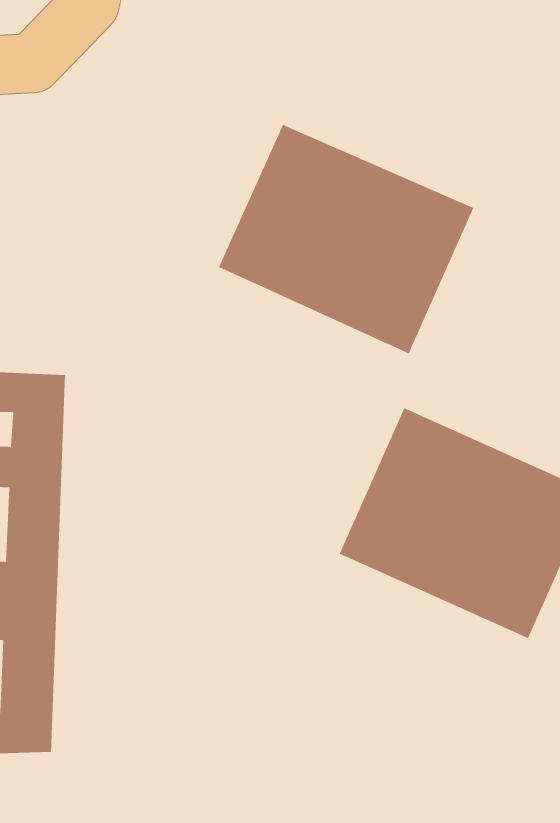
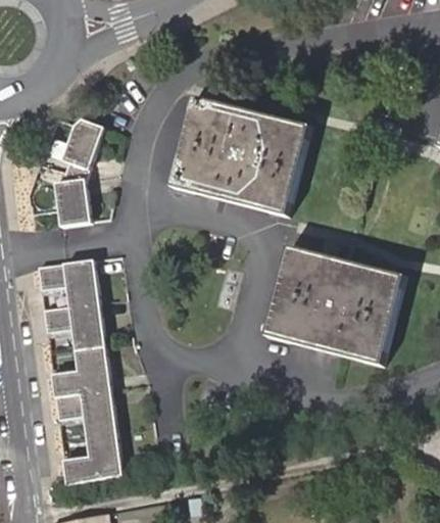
building: none -> [52,123,104,228]

